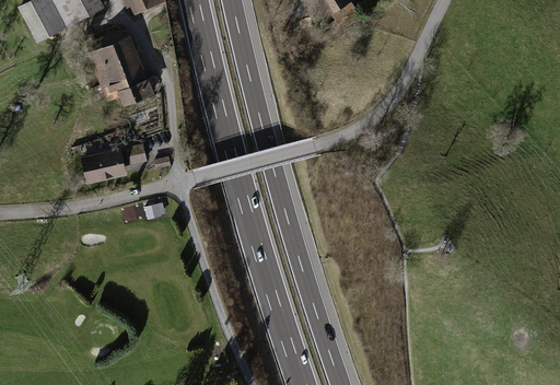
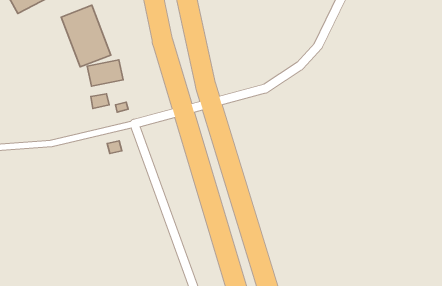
building: [82,147,126,178] -> [87,60,123,86]

